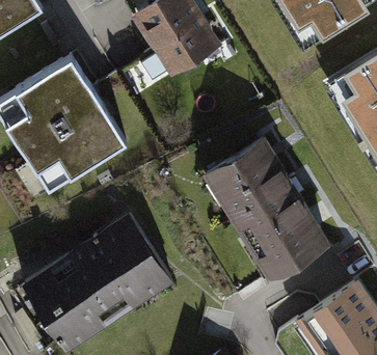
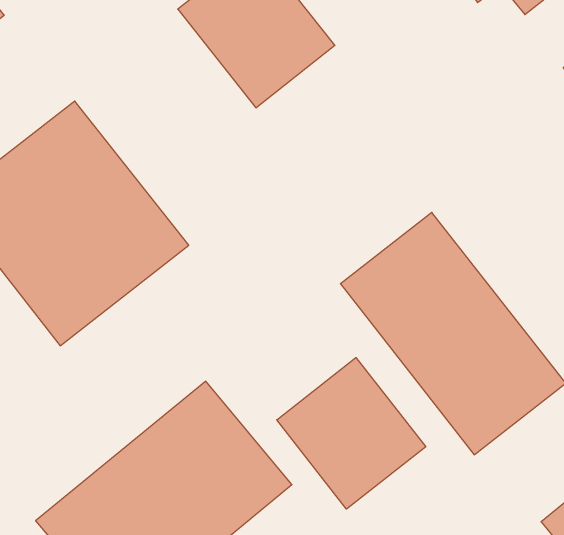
building: none -> [277,358,426,509]

